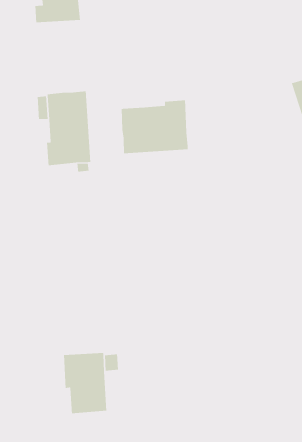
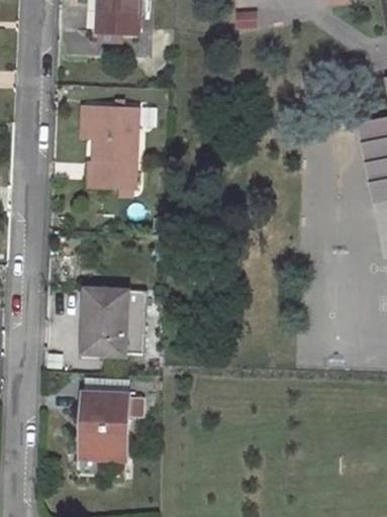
building: [121,100,189,154] -> none
building: none -> [83,290,144,353]

